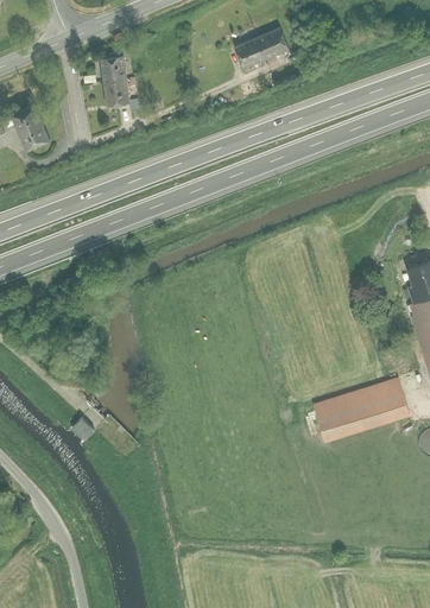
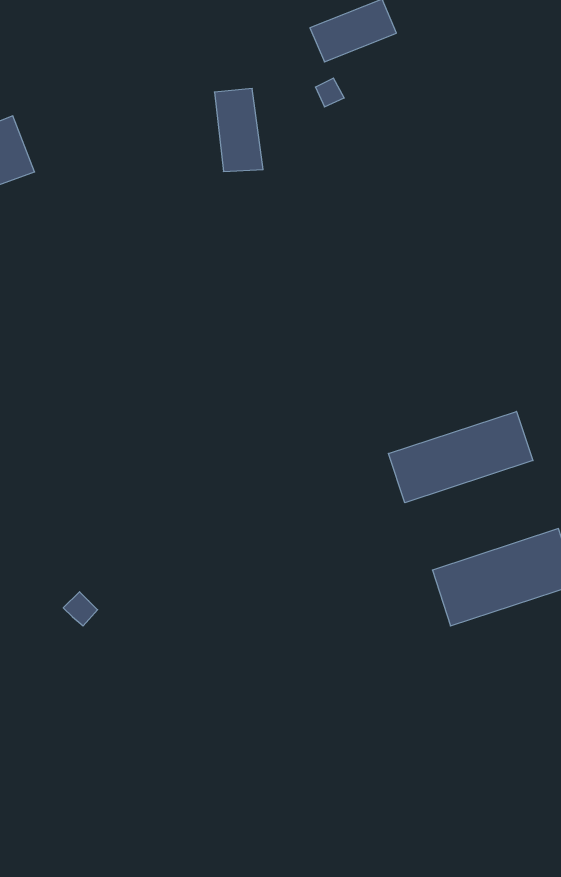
building: [101,55,133,109] -> [214,89,263,171]
building: none -> [388,411,533,503]

